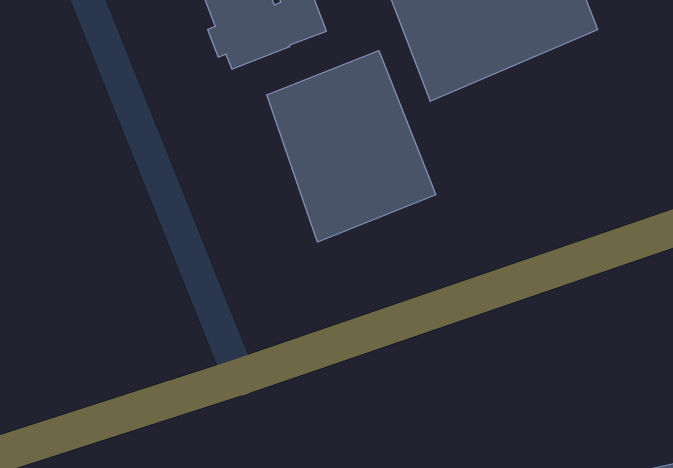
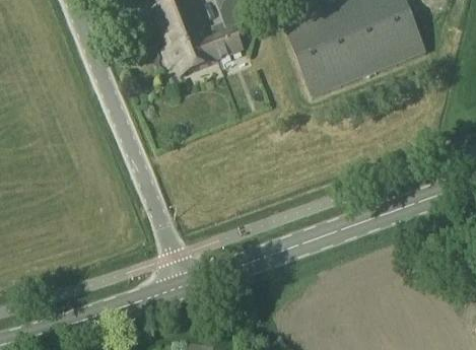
building: [267,51,436,242] -> none

